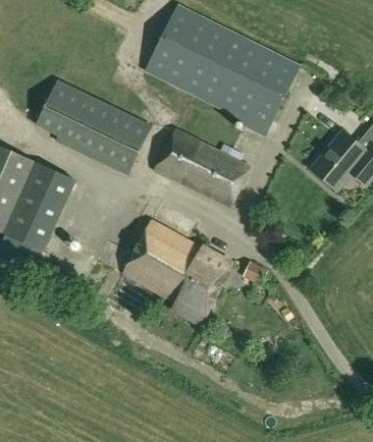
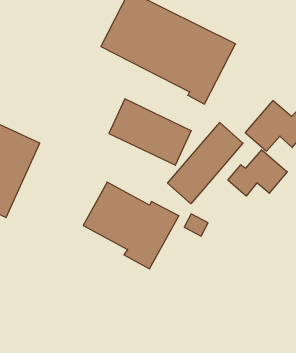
building: [36,79,150,168] -> none
building: none -> [168,122,243,204]
building: none -> [228,150,287,196]

